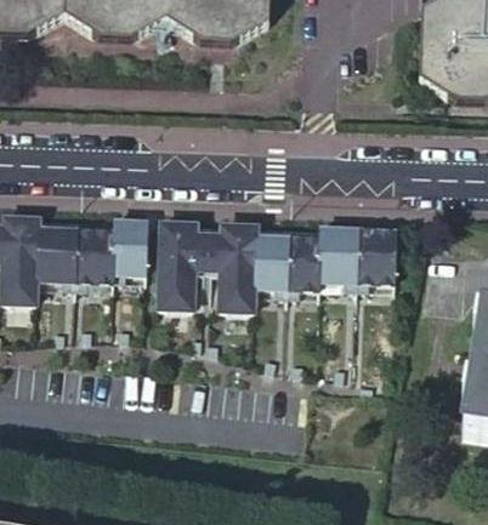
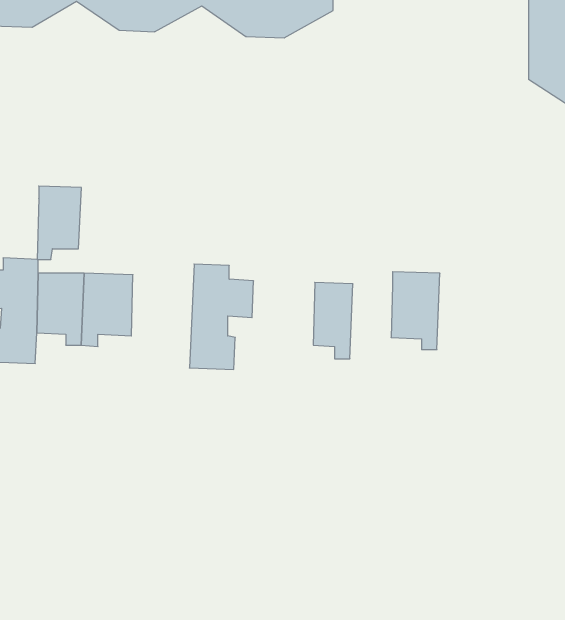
building: [110,219,146,278] -> [37,186,81,259]
building: [206,224,257,307] -> none
building: [353,228,396,290] -> none
building: [284,236,318,296] -> none

